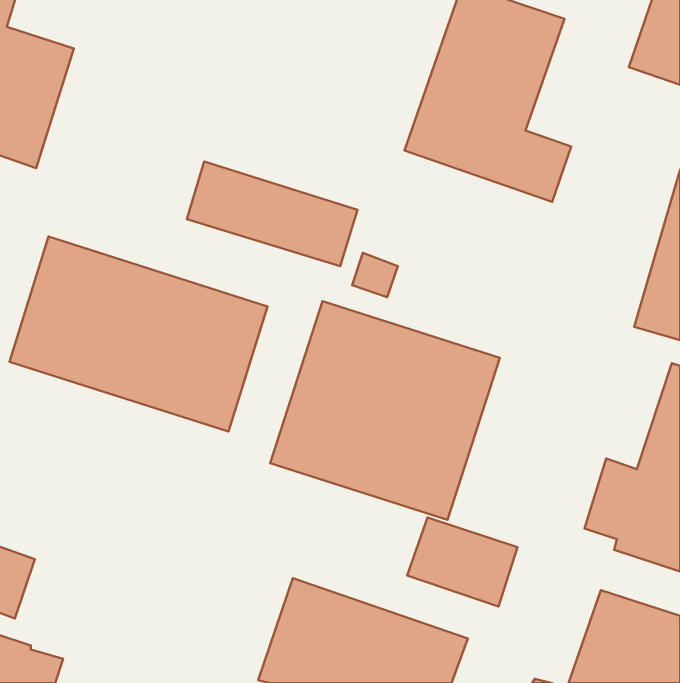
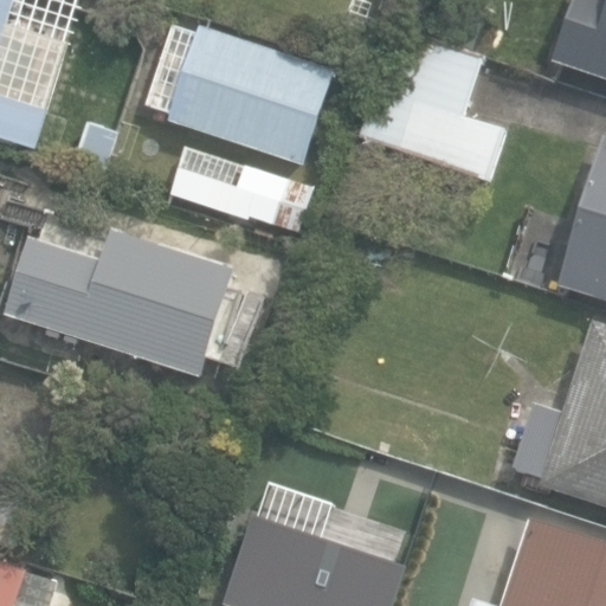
building: none -> [147,24,335,165]
building: [270,301,500,520] -> none

